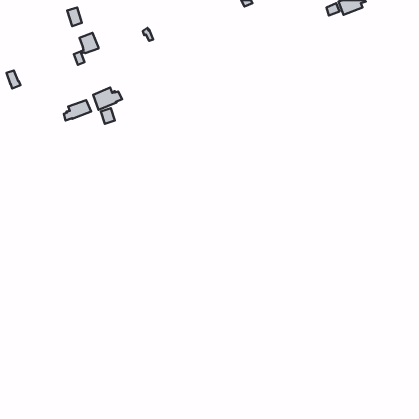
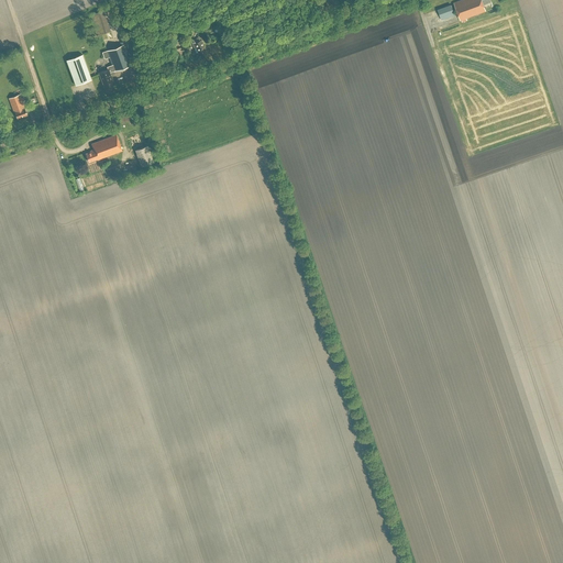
building: none -> [66,54,91,85]
building: [93,88,122,110] -> none

